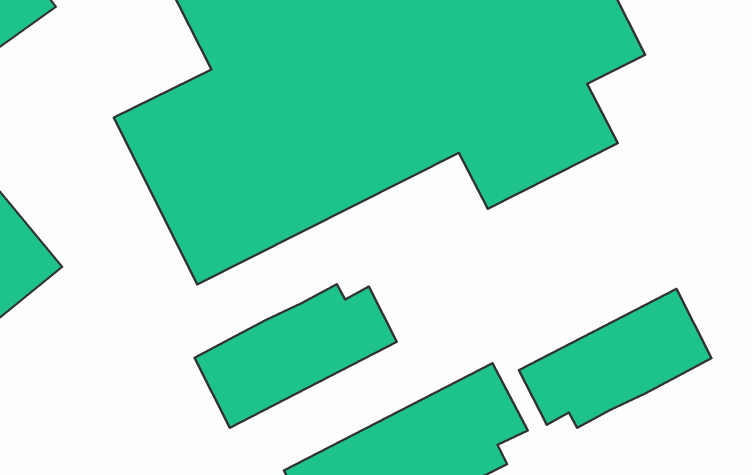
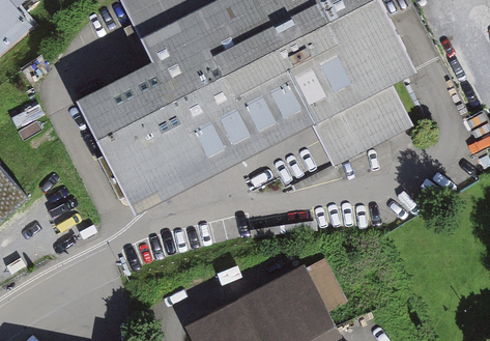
building: [195,284,397,428] -> none
building: [519,289,711,428] -> none

